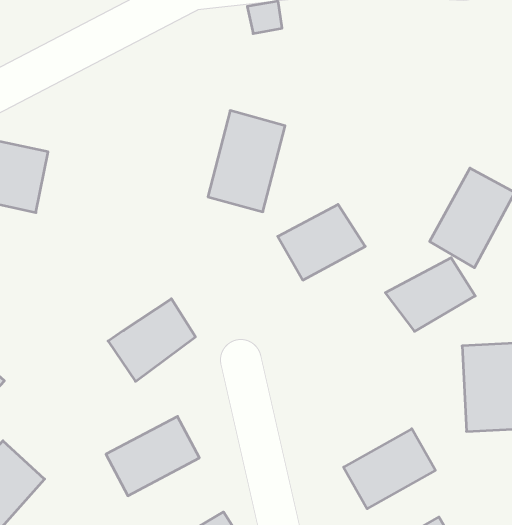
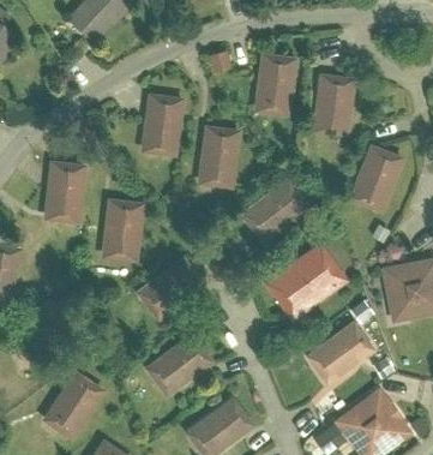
building: none -> [255,54,300,114]
building: none -> [309,72,355,138]
building: none -> [139,103,182,160]
building: none -> [102,198,143,262]
building: [385,258,475,331] -> [276,247,337,300]

